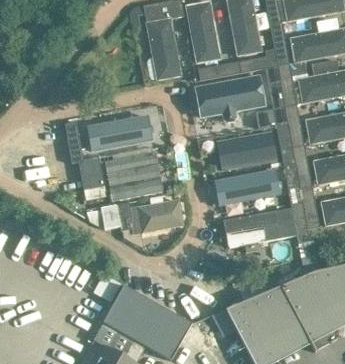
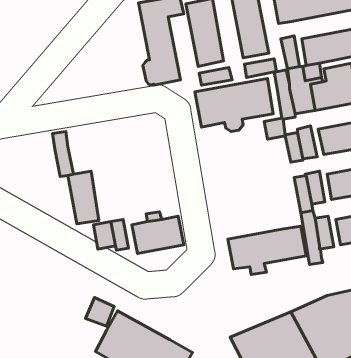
building: [88,112,152,147] -> none
building: [217,130,277,169] -> none
building: [105,151,163,200] -> none
building: [217,173,281,207] -> none

